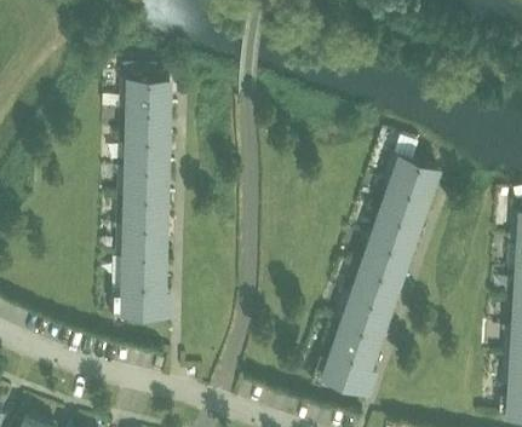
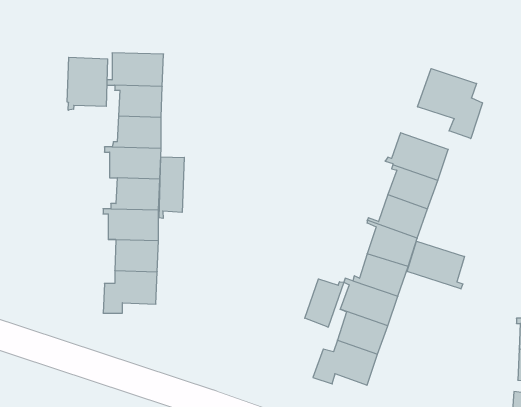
building: none -> [67,57,108,110]
building: none -> [418,69,482,139]
building: none -> [159,157,184,218]
building: none -> [407,241,464,289]
building: none -> [305,279,344,327]

